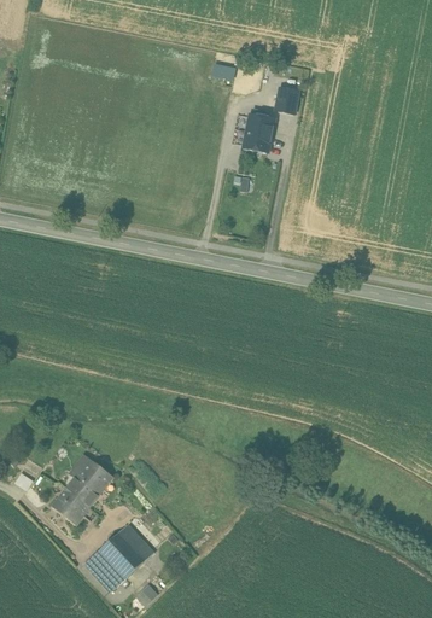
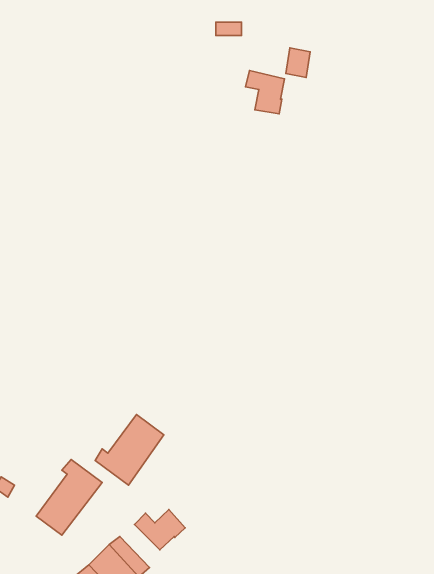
building: none -> [95,414,164,485]
building: none -> [135,510,185,550]

